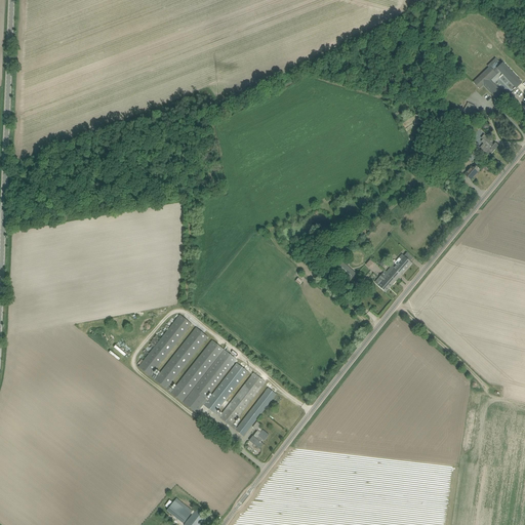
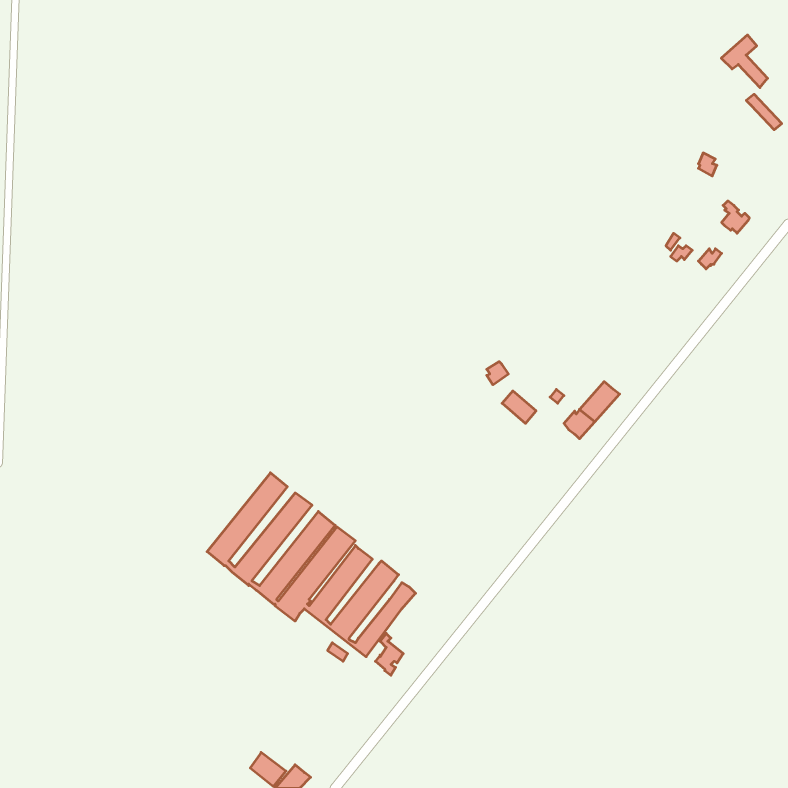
building: [472,66,502,100] -> [721,35,768,88]

